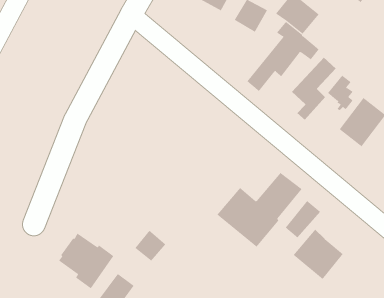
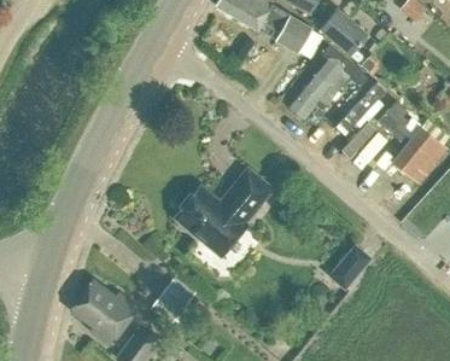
building: [217,172,302,247] -> [176,169,274,255]
building: [293,229,343,280] -> none

